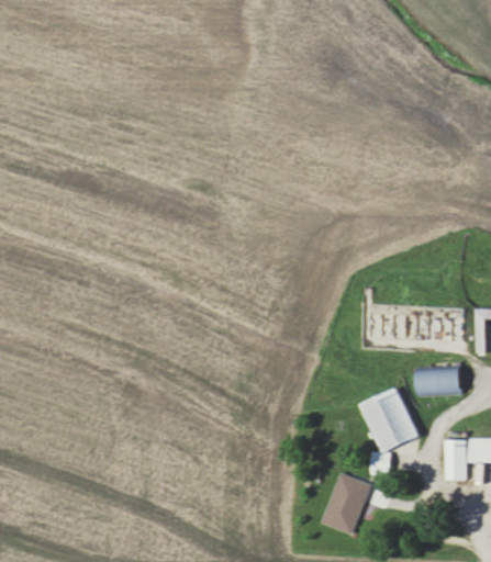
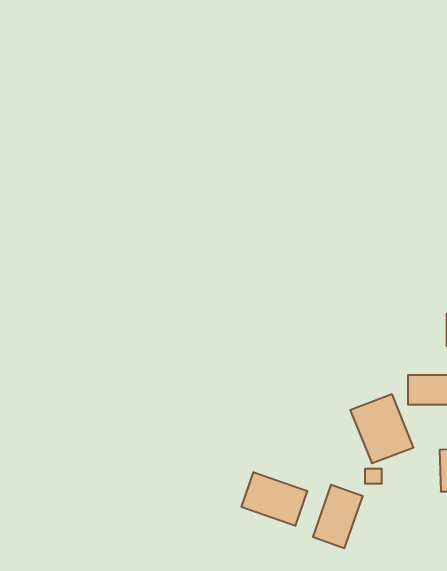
building: none -> [242,472,307,526]

